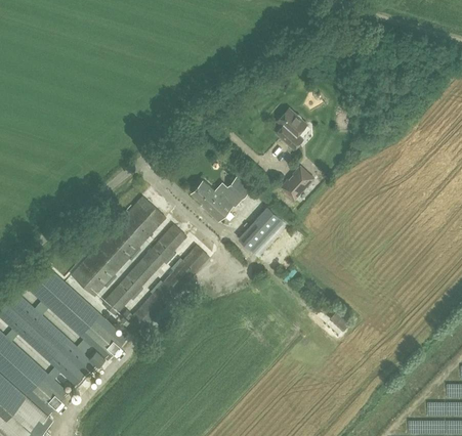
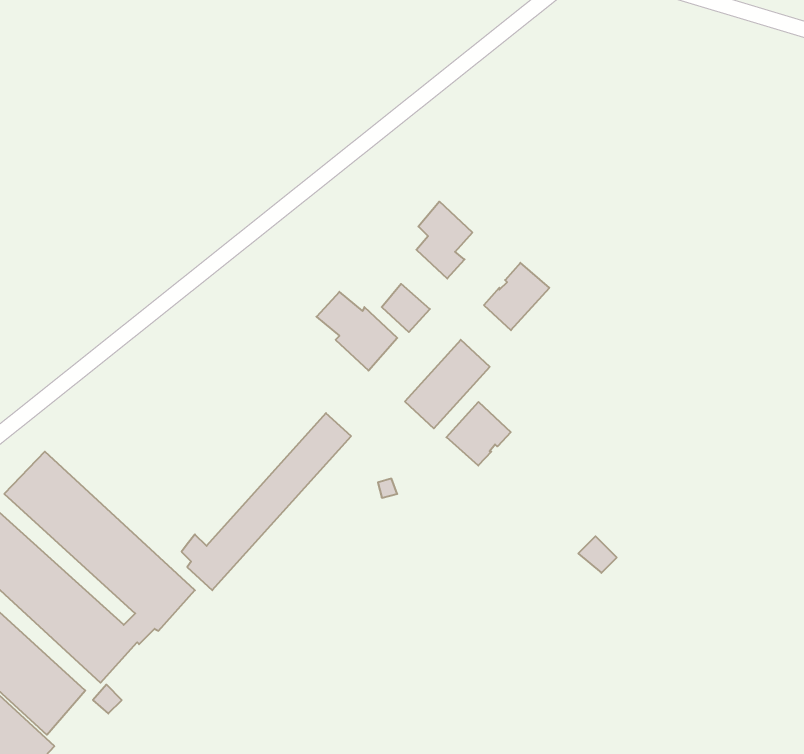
building: [278,108,307,149] -> [416,202,472,279]
building: [71,197,167,297] -> none
building: [101,224,187,315] -> none
building: none -> [446,402,511,466]

